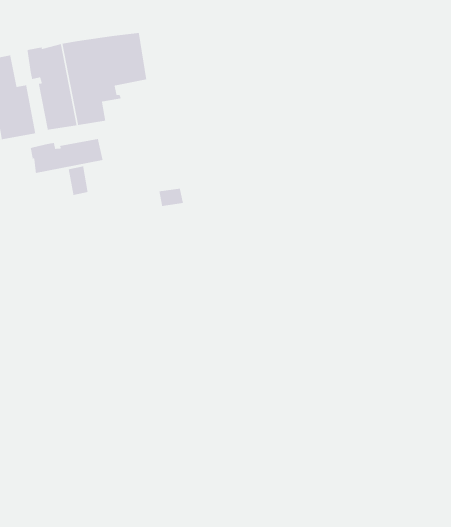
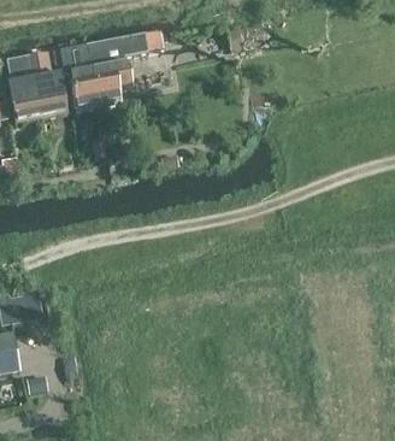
building: [30,138,104,174] -> none

